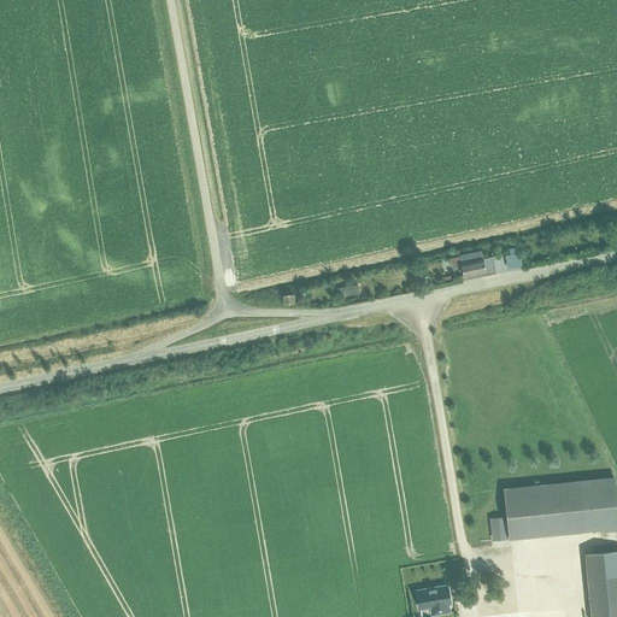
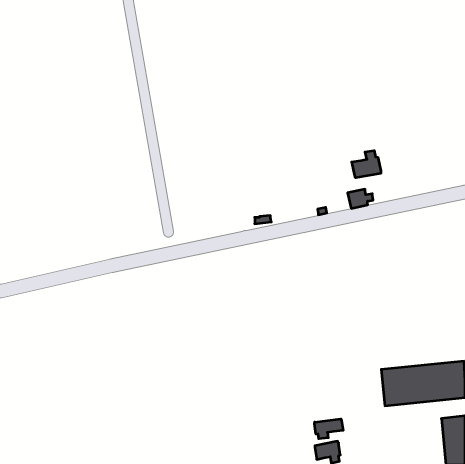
building: none -> [352,151,381,178]
building: none -> [314,419,343,439]

